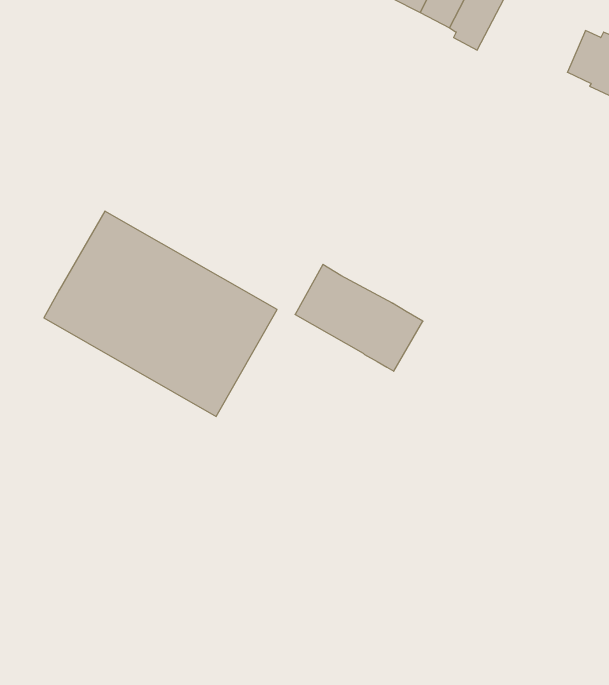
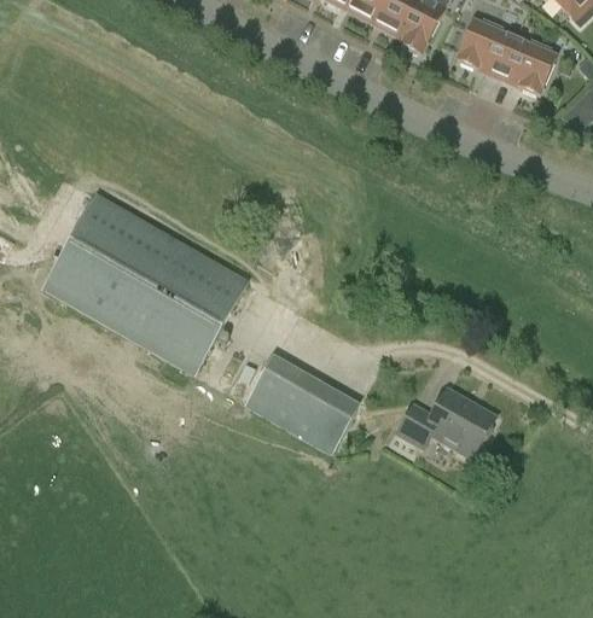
building: none -> [455,17,514,74]
building: [295,264,423,371] -> [245,360,356,453]
building: none -> [397,389,495,456]

